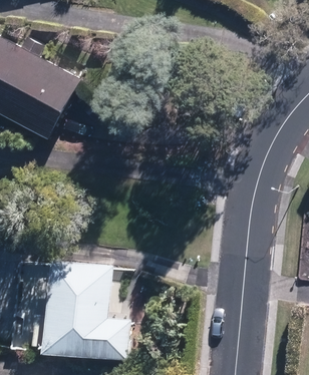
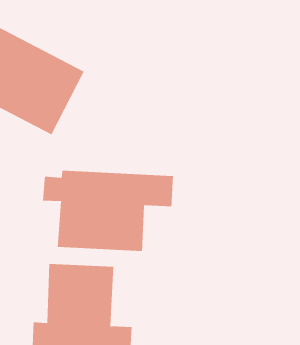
building: none -> [43,170,173,252]

